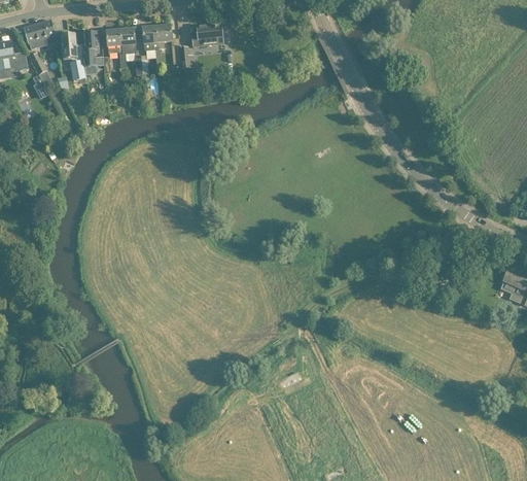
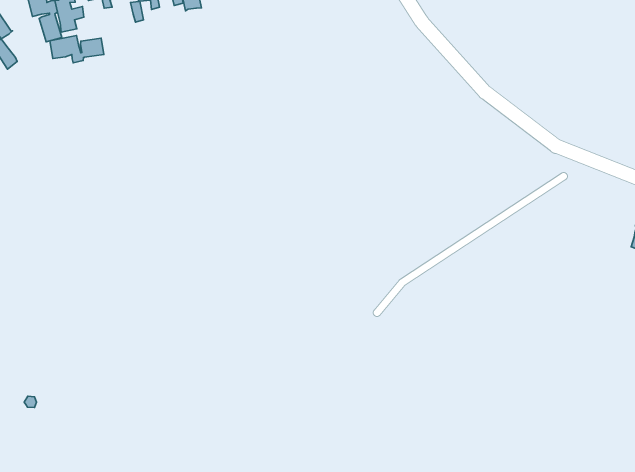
building: none -> [50,35,104,63]

